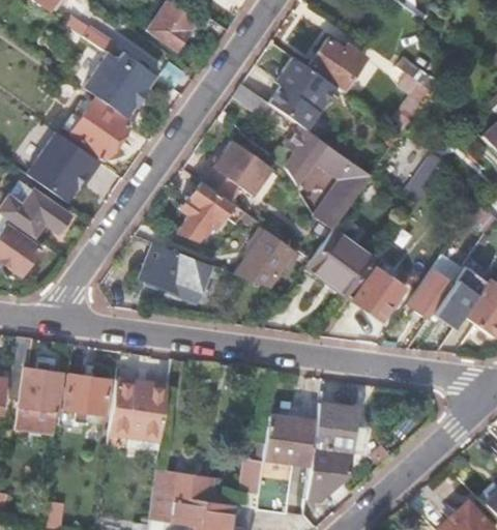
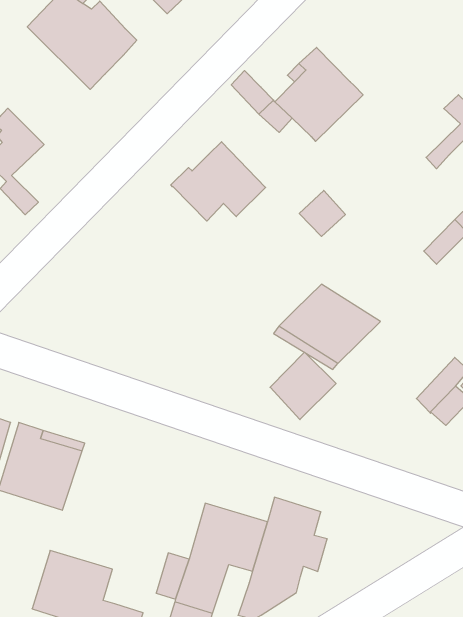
building: [311,38,368,90] -> none
building: [72,98,130,157] -> none
building: [286,124,371,227] -> none
building: [179,180,234,240] -> none
building: [247,229,295,276] -> none
building: [142,242,212,298] -> none
building: [356,269,406,321] -> [270,352,336,420]

